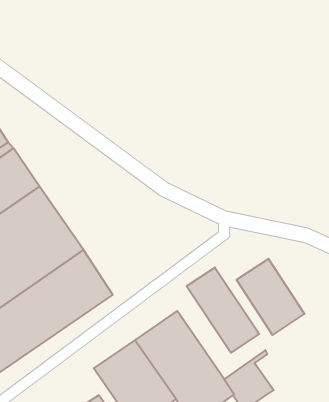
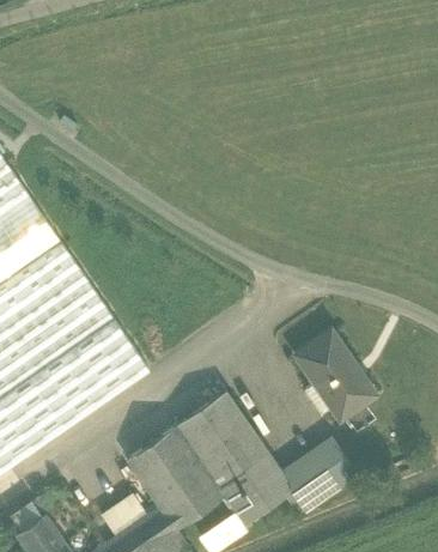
building: [187,267,259,353] -> none
building: none -> [317,444,355,487]

